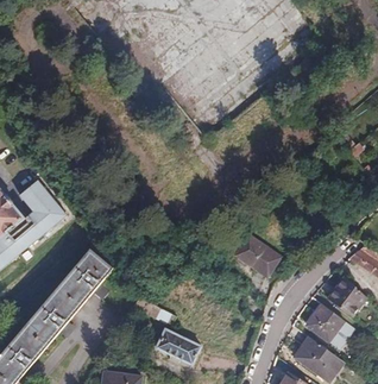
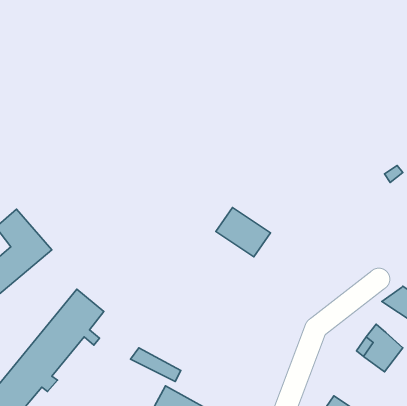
building: [234,235,281,277] -> [216,208,271,257]
building: [305,306,344,341] -> none

